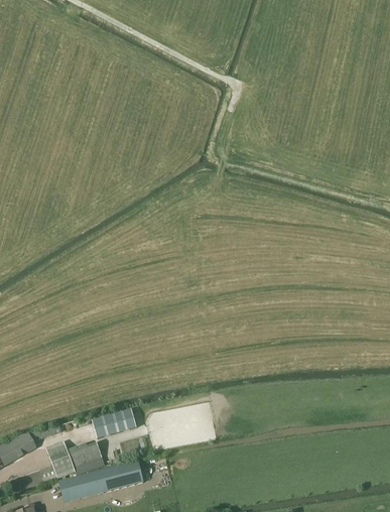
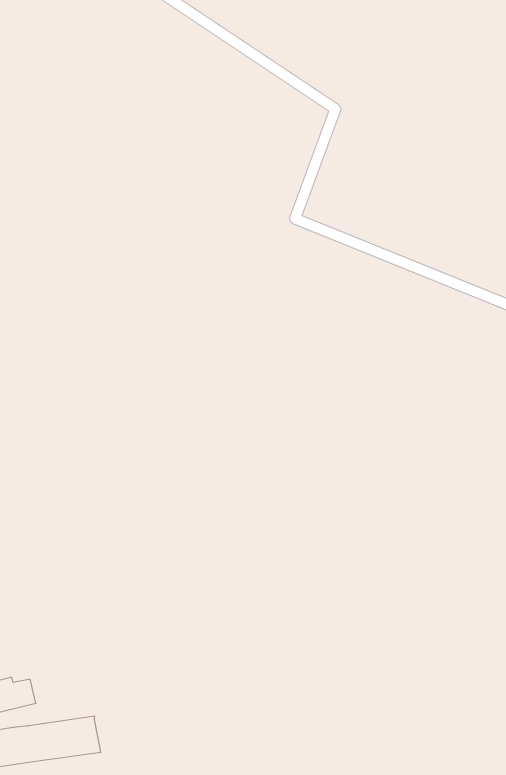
building: [92,409,135,437] -> none

